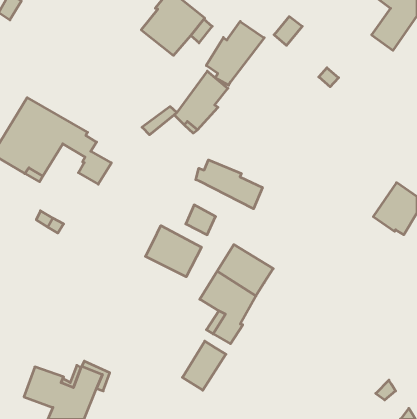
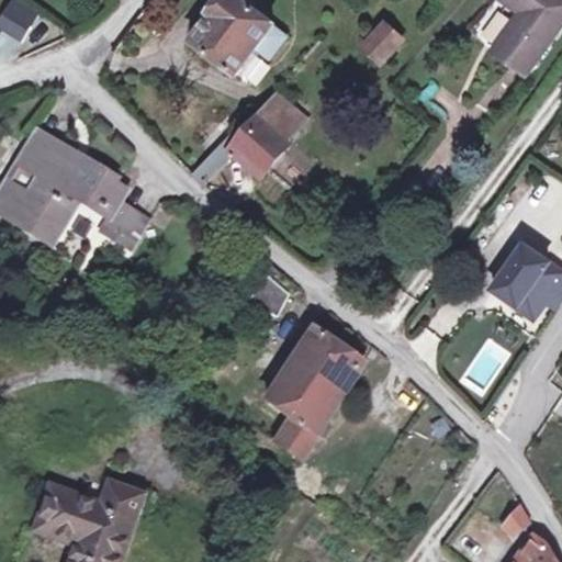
building: [206,21,264,85] -> none
building: [196,160,262,209] -> none
building: [145,226,201,277] -> none
building: [182,341,226,390] -> none

